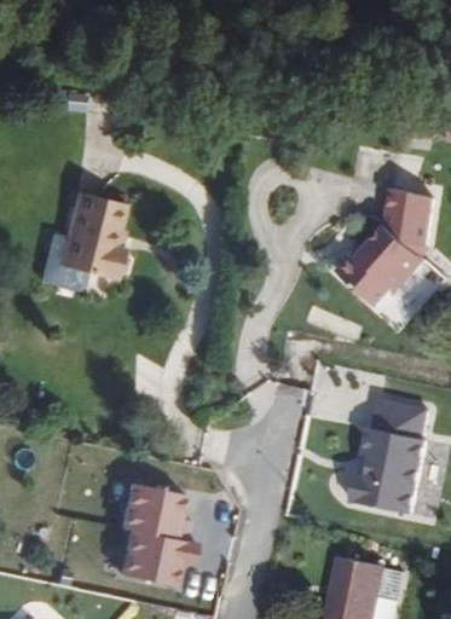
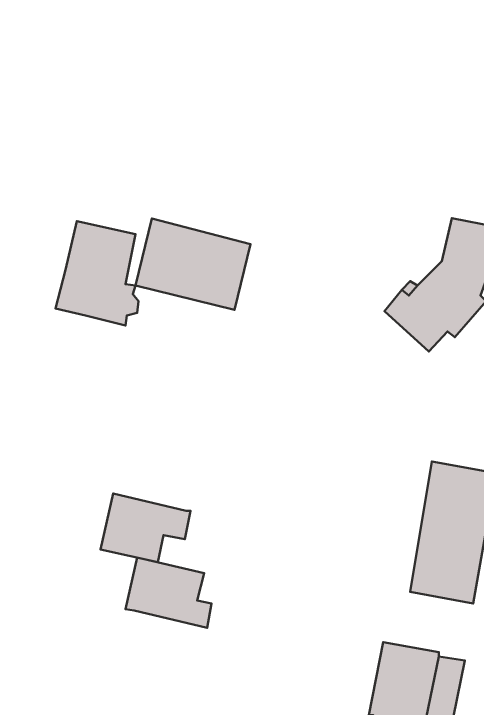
building: none -> [136,218,250,310]
building: [114,523,190,582] -> [100,494,191,562]

